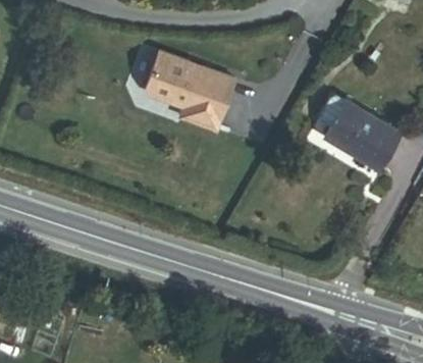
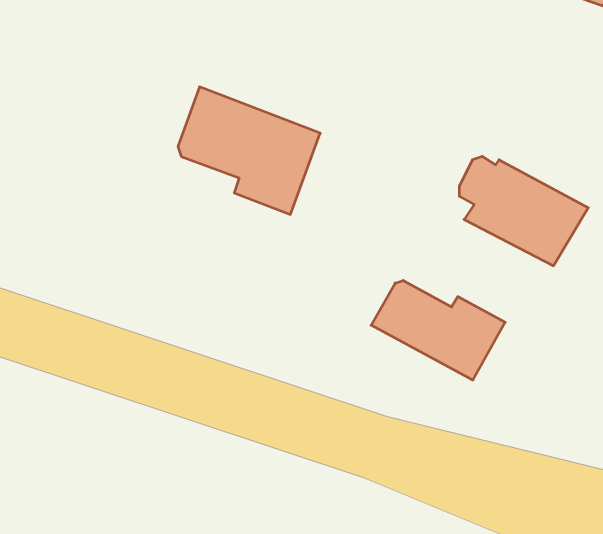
building: none -> [371,280,505,380]

